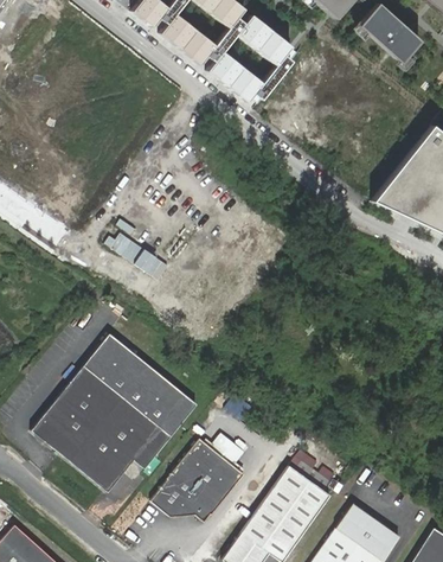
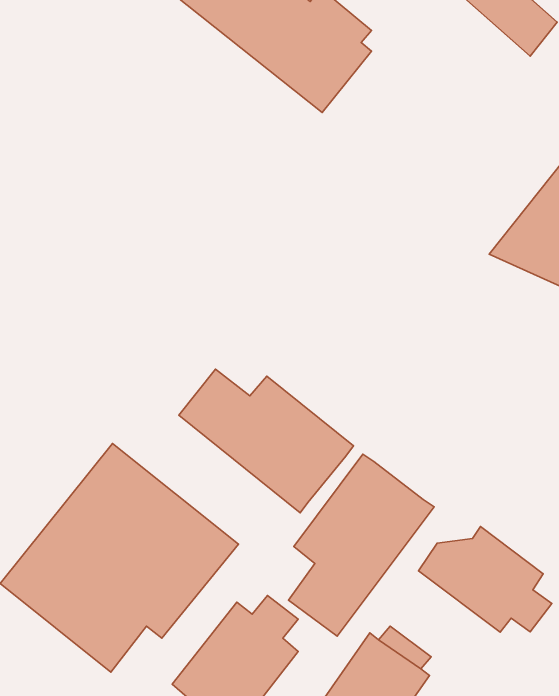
building: none -> [179,369,353,513]
building: none -> [289,454,434,636]
building: none -> [419,527,552,632]

